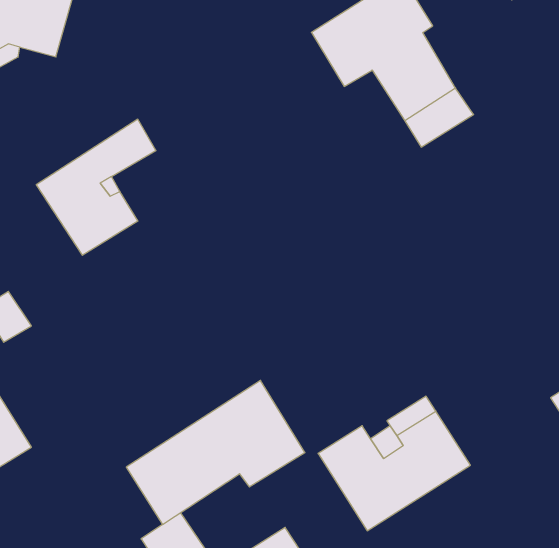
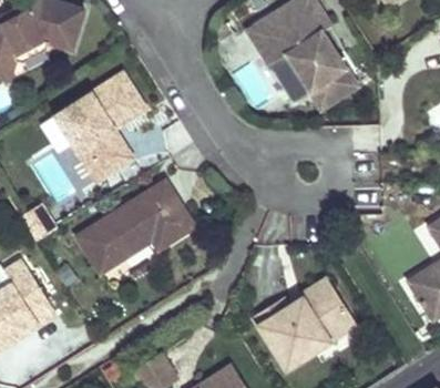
building: none -> [50,73,131,135]
building: [126,380,305,525] -> [70,183,191,280]

